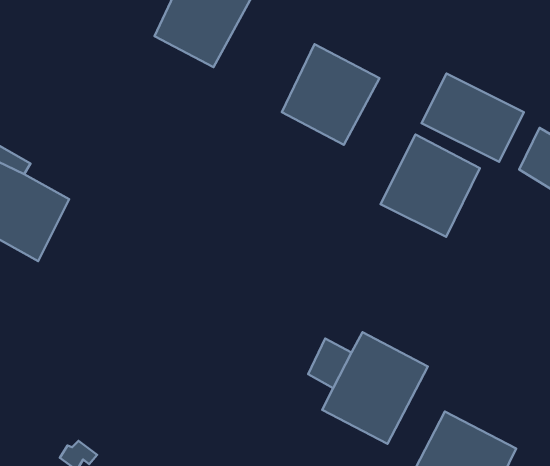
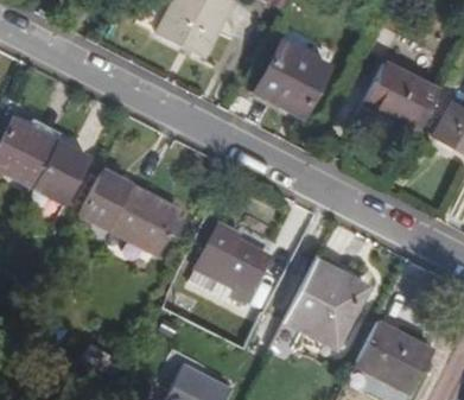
building: [381,134,480,237] -> none
building: none -> [81,171,178,253]
building: none -> [191,224,271,304]

